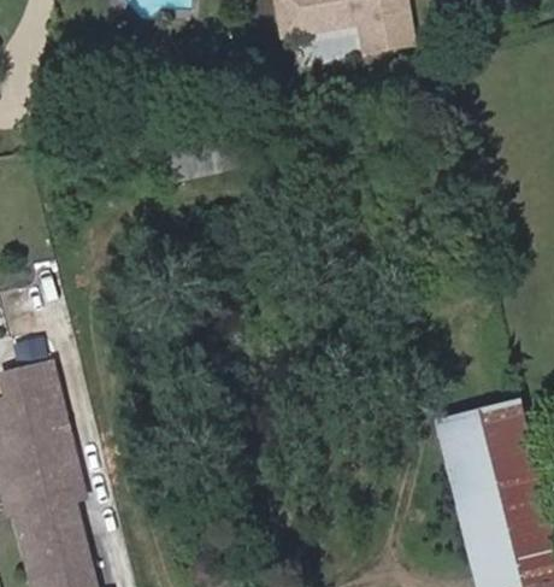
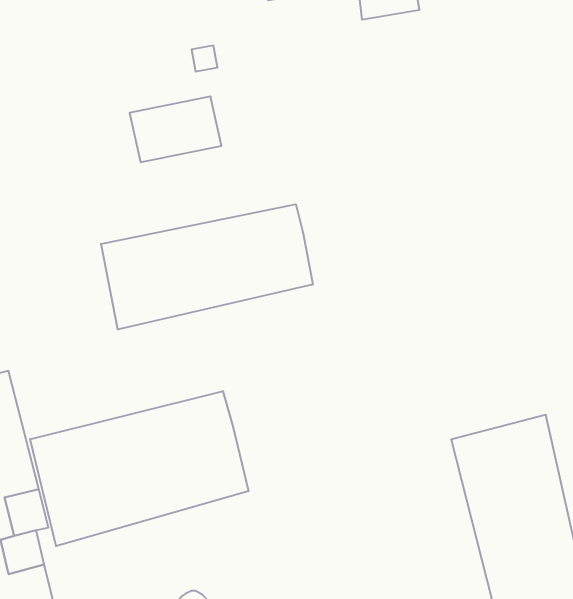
building: none -> [101,204,313,330]
building: none -> [30,391,248,546]

